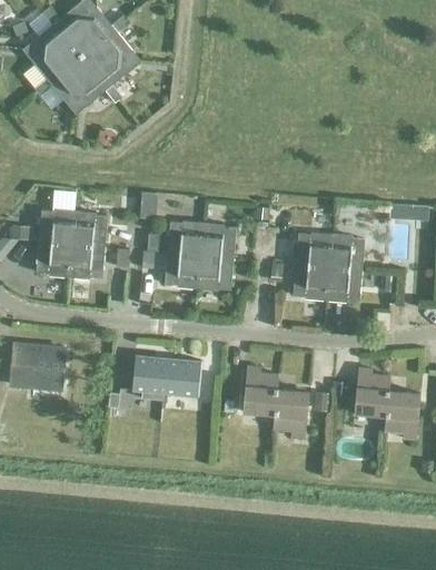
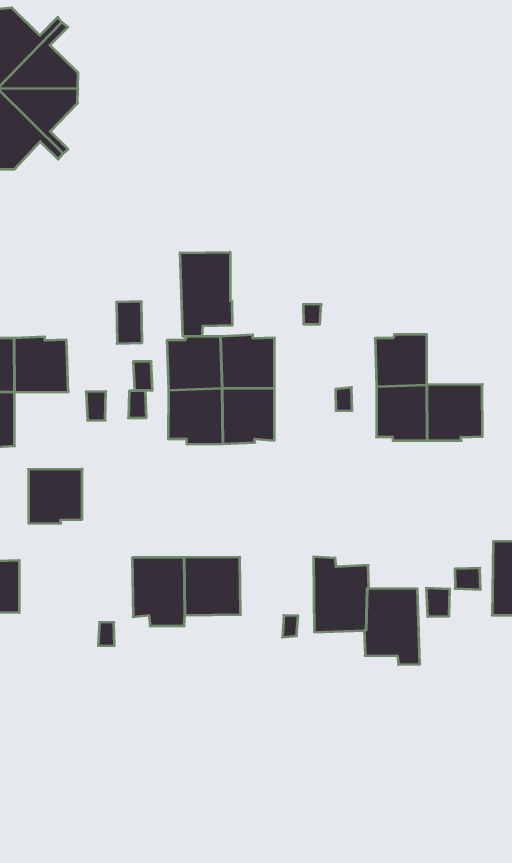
building: none -> [180,252,232,336]
building: [327,235,364,269] -> none
building: [68,244,105,279] -> [28,469,82,523]

